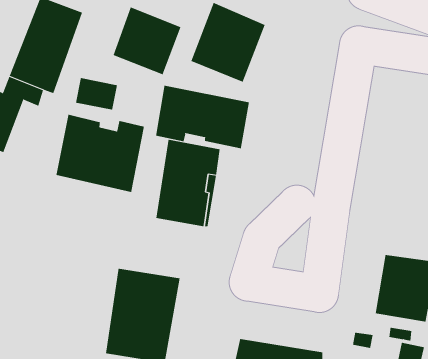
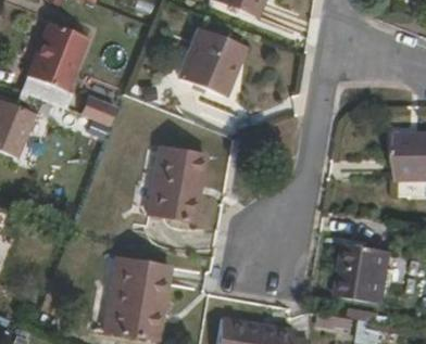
building: [113,6,181,75] -> none
building: [155,85,250,149] -> none
building: [56,114,144,193] -> none

